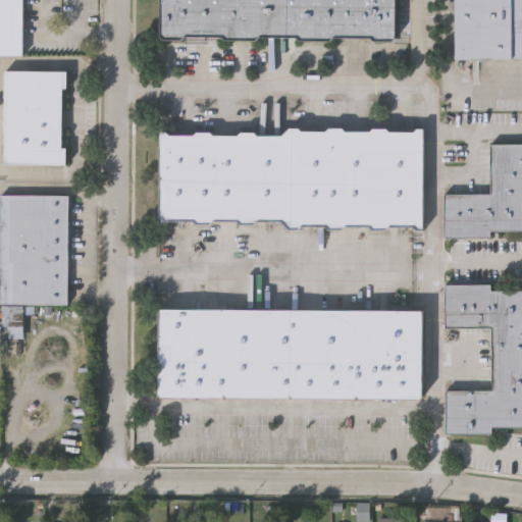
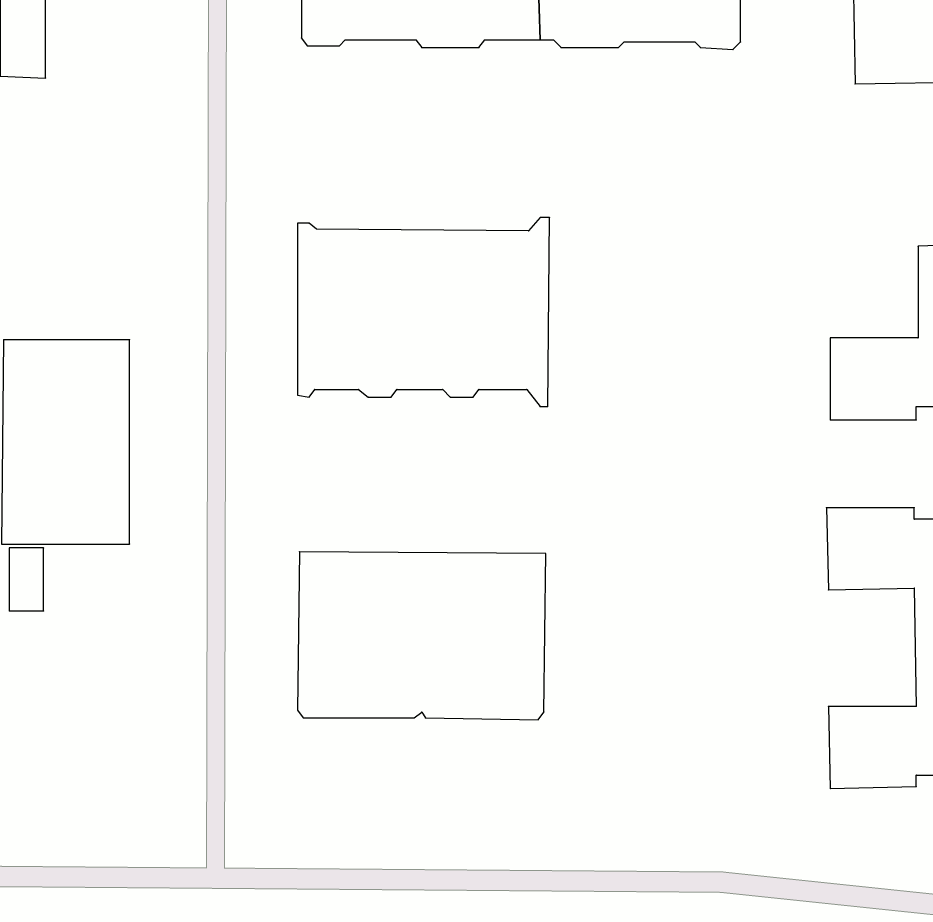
building: [5,69,68,163] -> none
building: [293,128,423,230] -> none
building: [291,308,424,398] -> none

